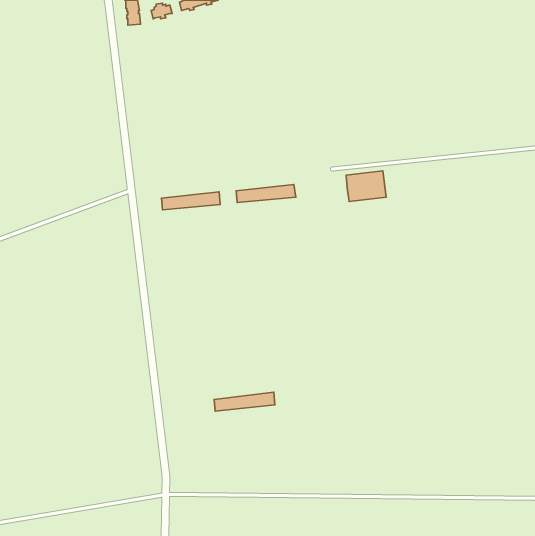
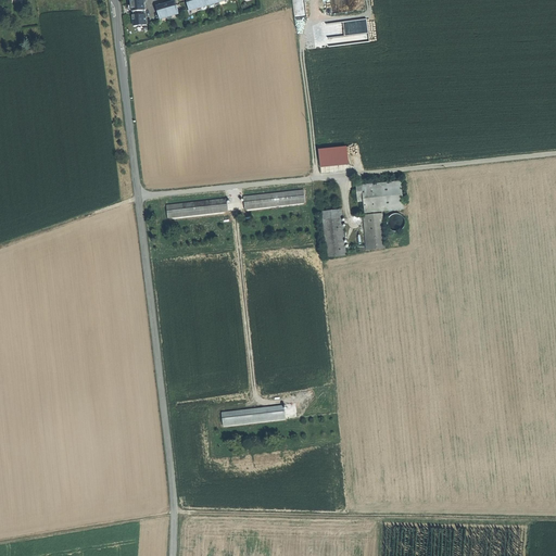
building: none -> [318,147,346,167]
building: none -> [362,210,386,245]
building: none -> [320,214,345,252]

